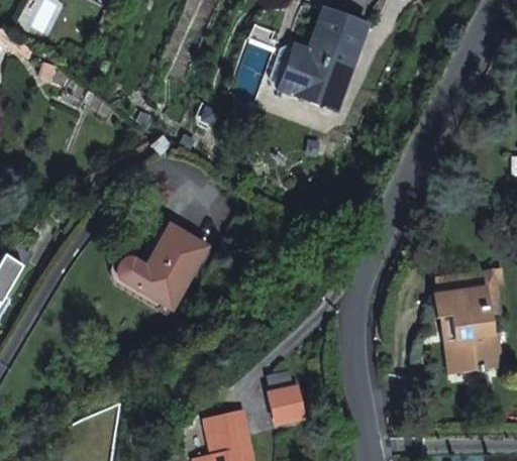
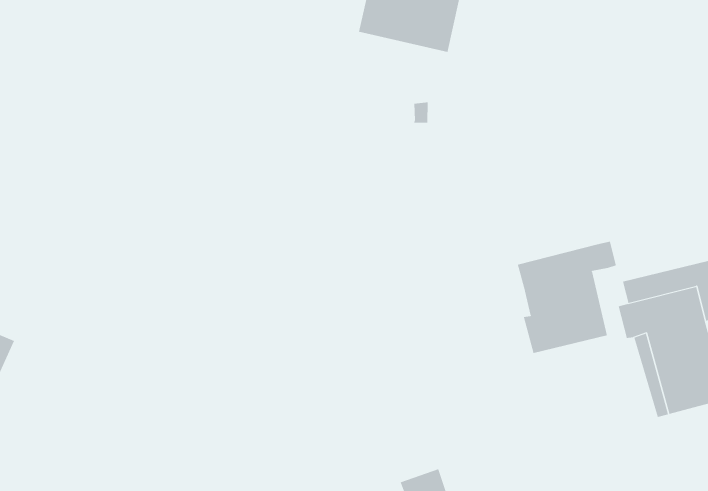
building: [118,225,208,309] -> none
building: none -> [517,241,617,354]

